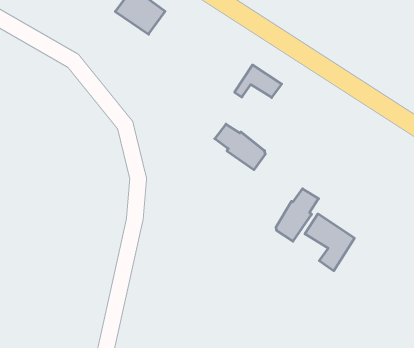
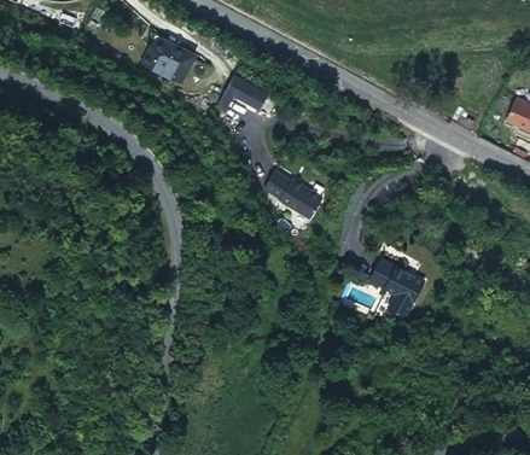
building: [235,65,282,98] -> [215,77,266,113]
building: [276,189,319,241] -> none

